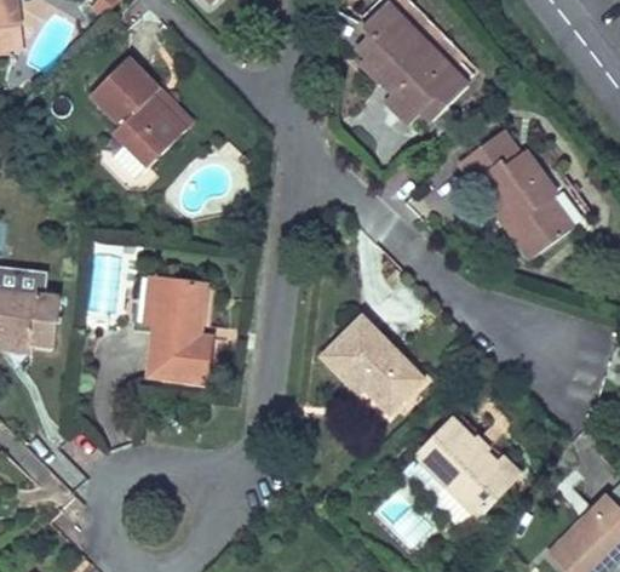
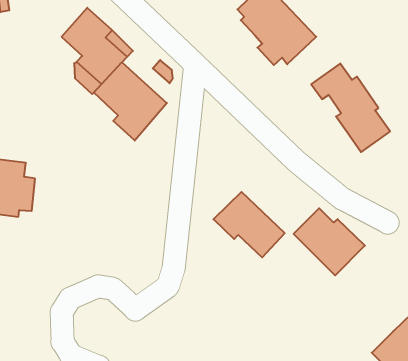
building: none -> [94,62,167,141]
building: [137,279,207,382] -> none
building: [417,419,521,517] -> [294,208,365,275]

